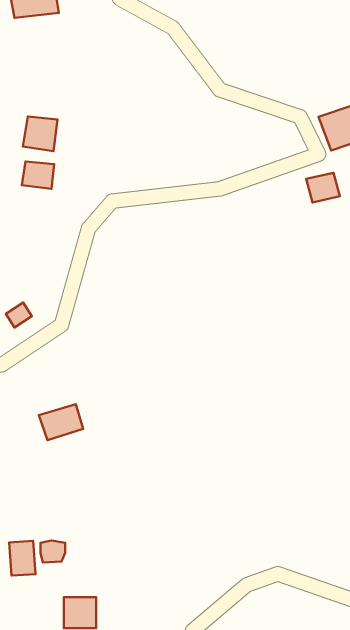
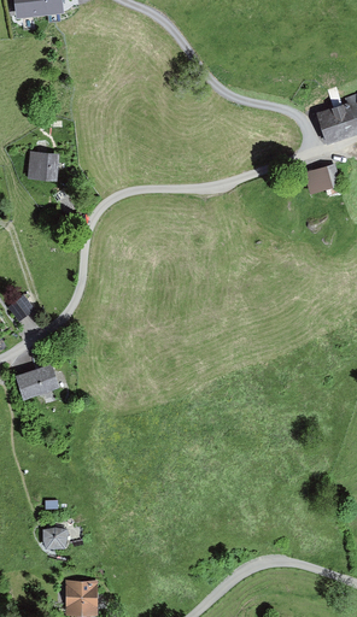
building: [23,116,58,151] -> none
building: [39,404,83,440] -> [14,359,58,394]
building: [9,541,36,576] -> none

